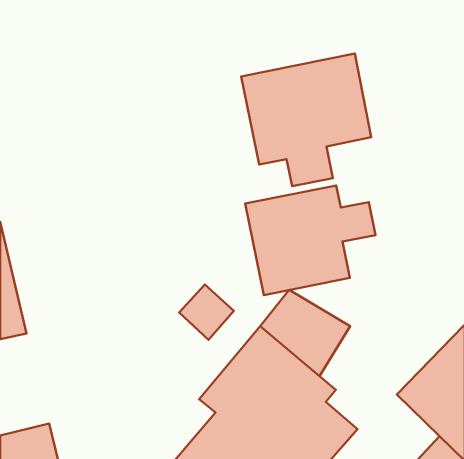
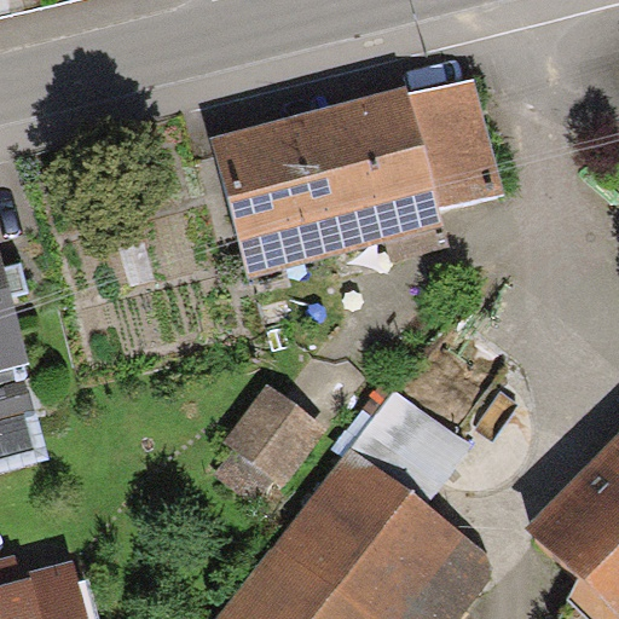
building: none -> [215,109,346,248]
building: [245,186,375,295] -> none

